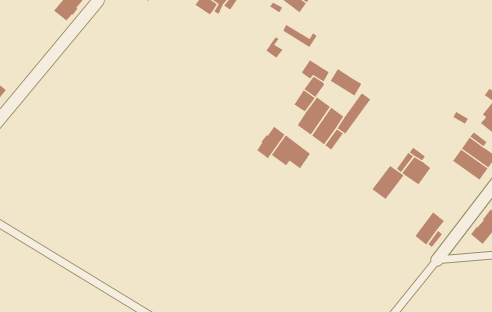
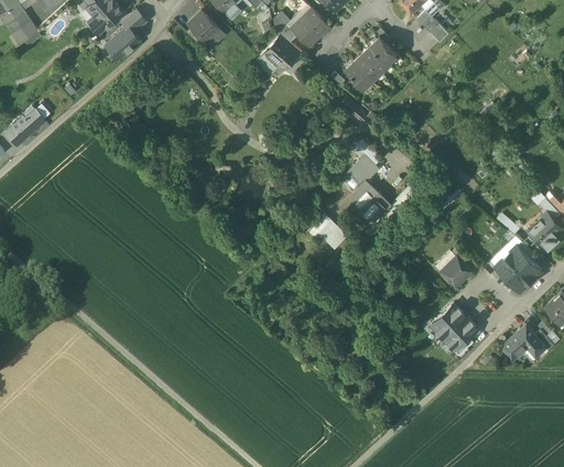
building: [330,68,362,96] -> none
building: [256,126,286,159] -> none
building: [372,165,404,200] -> [430,304,466,339]

